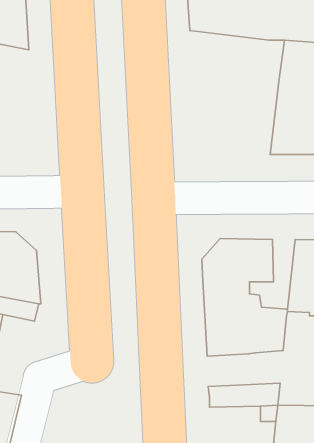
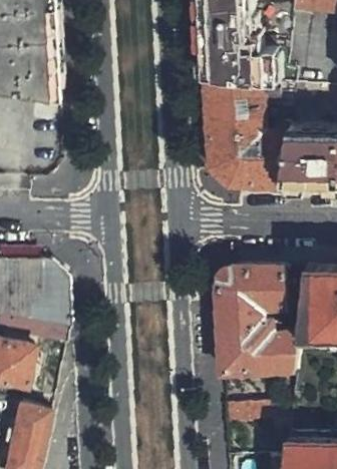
building: none -> [204,74,289,188]

